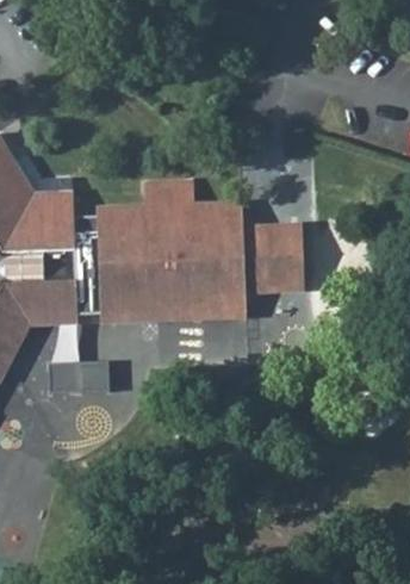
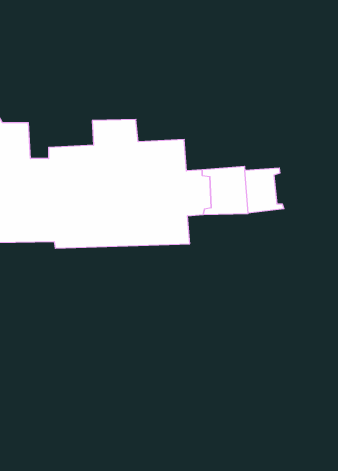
building: none -> [245,168,284,213]

